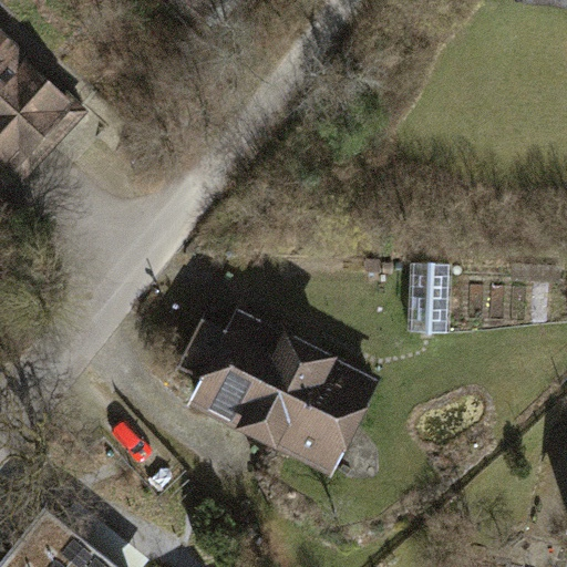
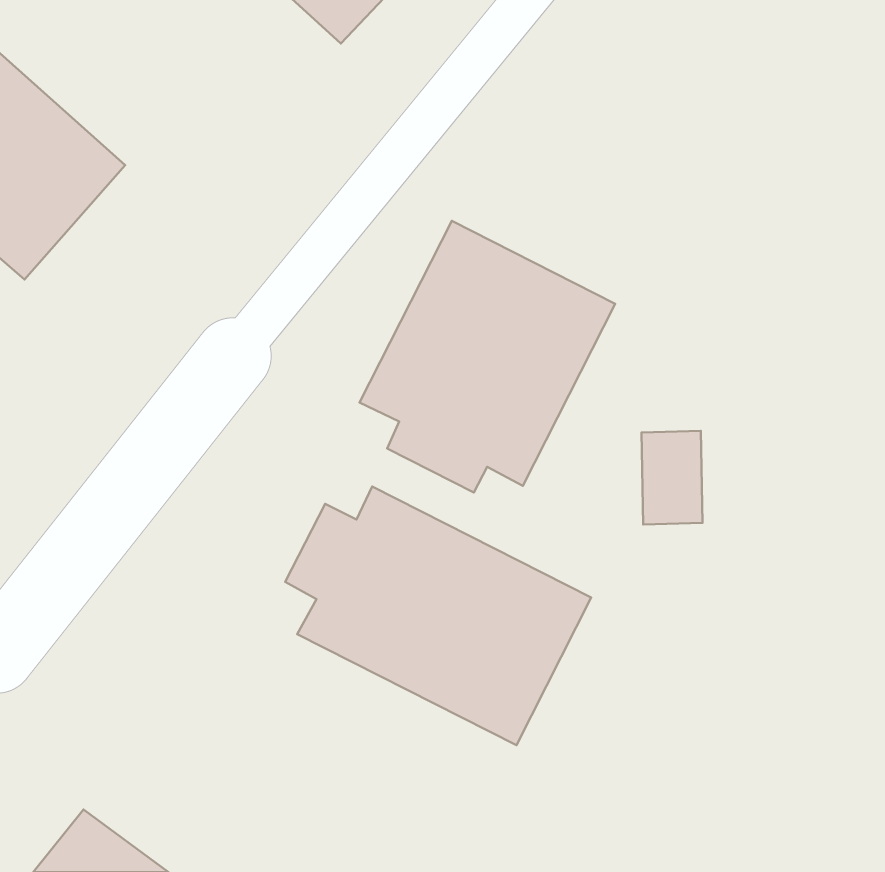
building: none -> [360,221,615,492]

